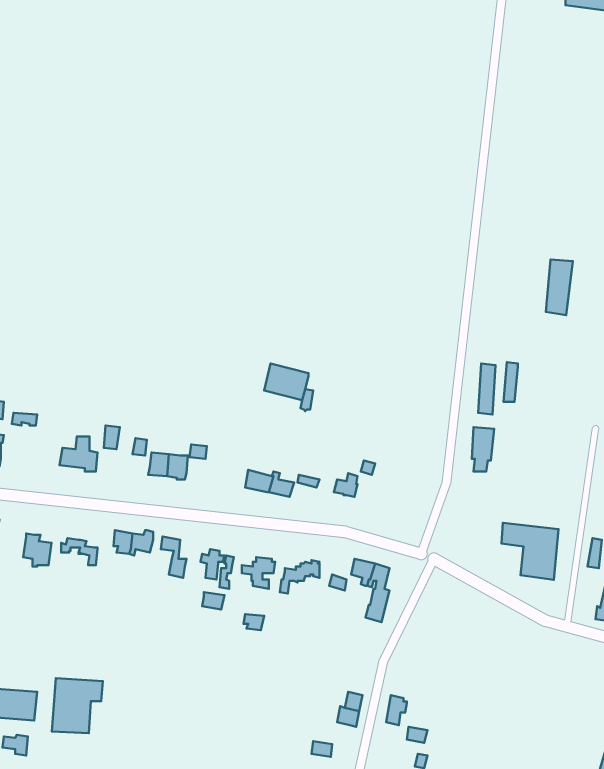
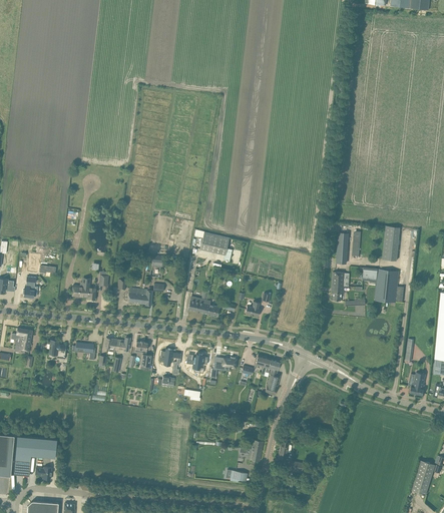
building: [546,260,573,315] -> [383,225,400,261]
building: [501,523,558,580] -> [363,267,399,303]
building: [52,678,103,733] -> none

